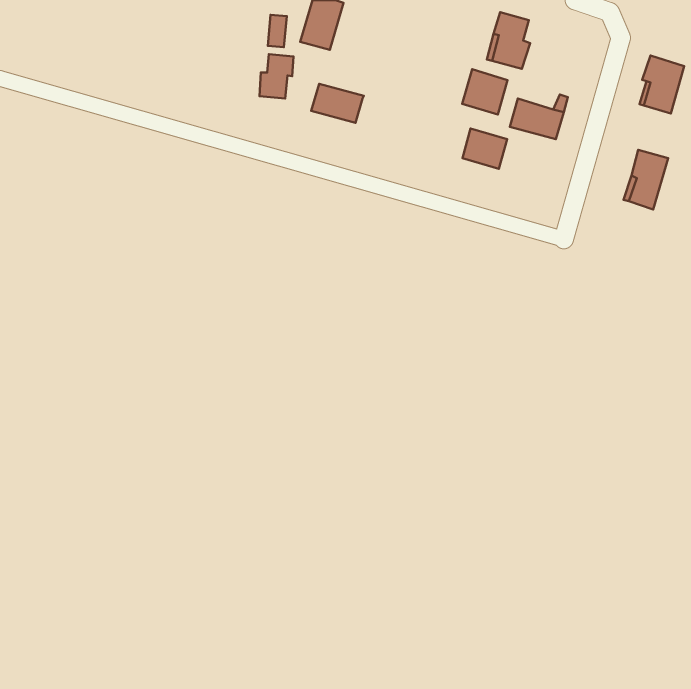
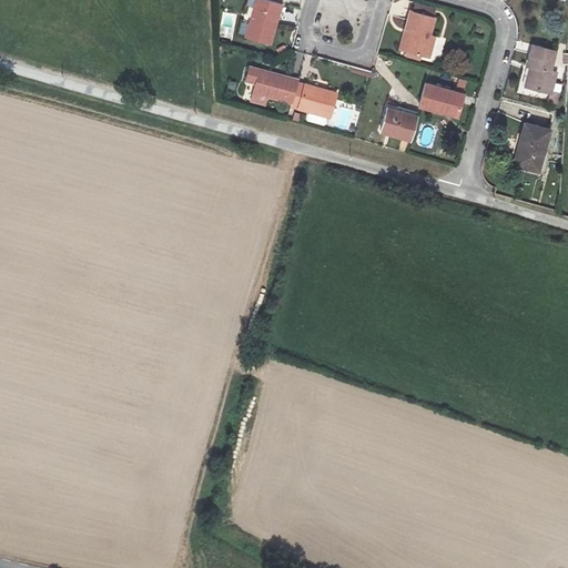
building: [260,54,293,99] -> none
building: [462,69,508,115] -> none
building: none -> [291,82,336,116]

